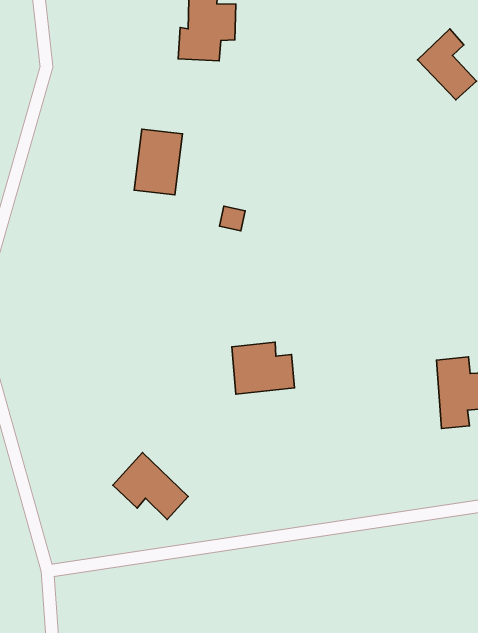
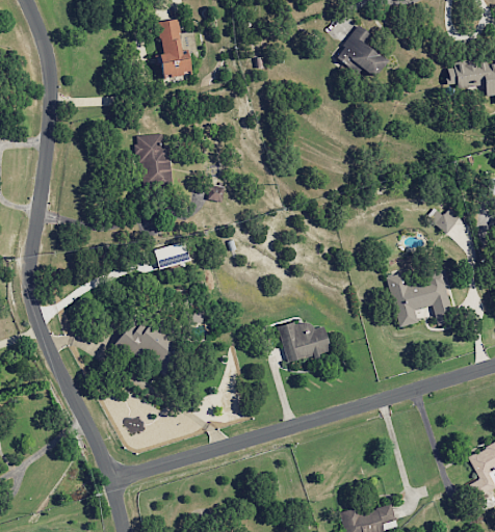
building: none -> [154,240,191,270]
building: [232,342,295,394] -> [278,319,330,363]
building: [113,452,188,519] -> [114,315,173,363]

